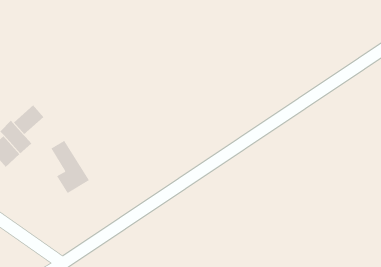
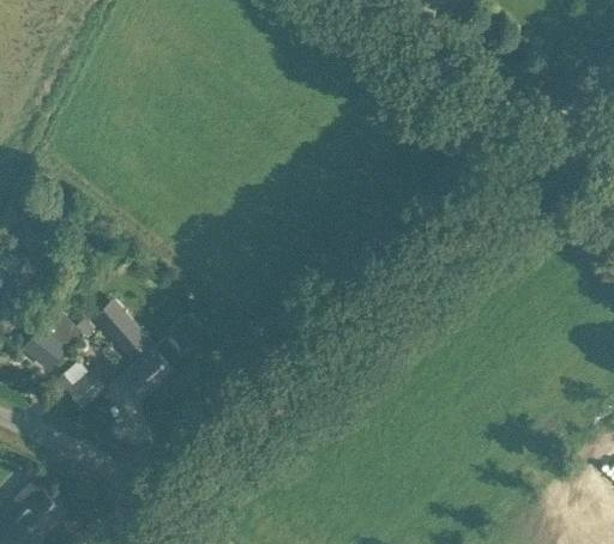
building: [13,105,44,135] -> none
building: none -> [65,368,103,406]

